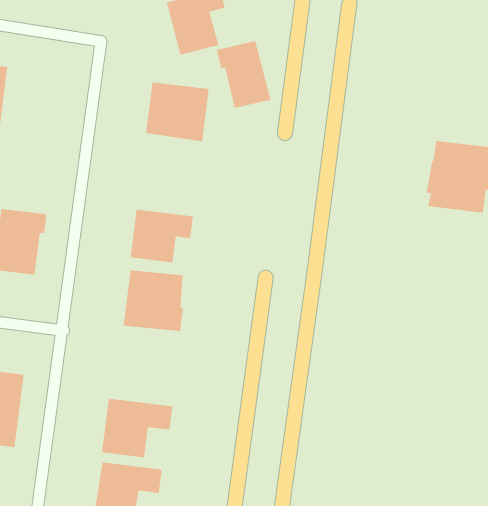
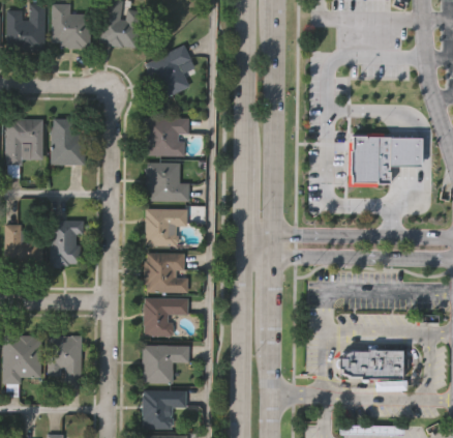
building: [216,40,271,109] -> none
building: none -> [51,119,85,166]
building: none -> [146,164,188,201]
building: none -> [144,298,187,337]
building: none -> [335,349,401,380]

